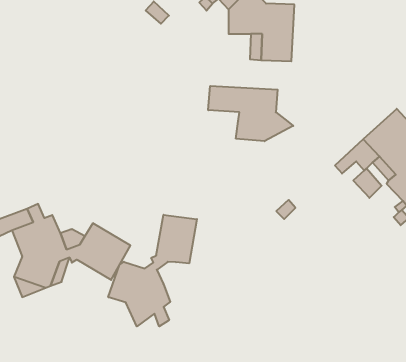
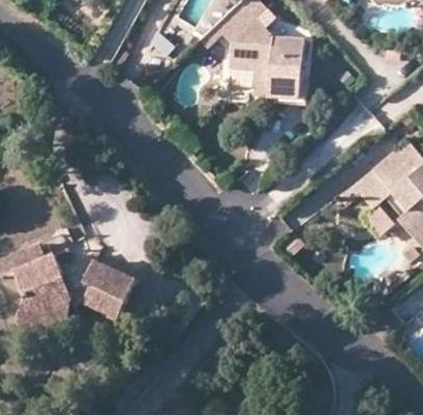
building: [208,86,293,141] -> none
building: [108,215,197,326] -> none

